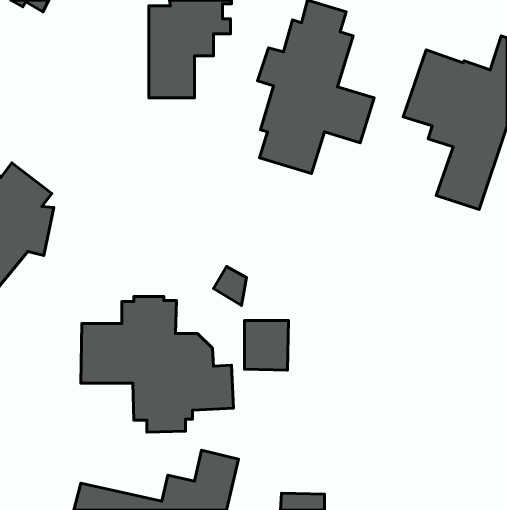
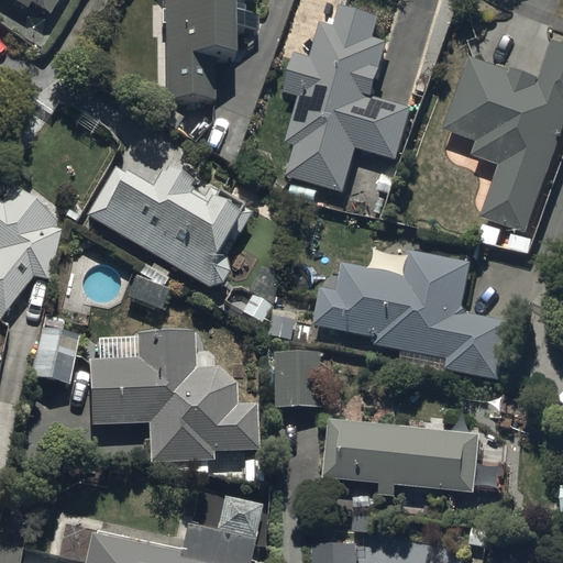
building: none -> [84,164,241,288]
building: none -> [312,249,510,380]
building: none -> [27,327,77,385]
building: none -> [321,415,481,498]

